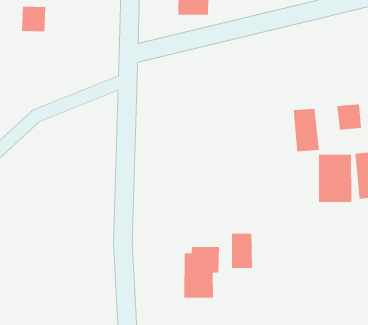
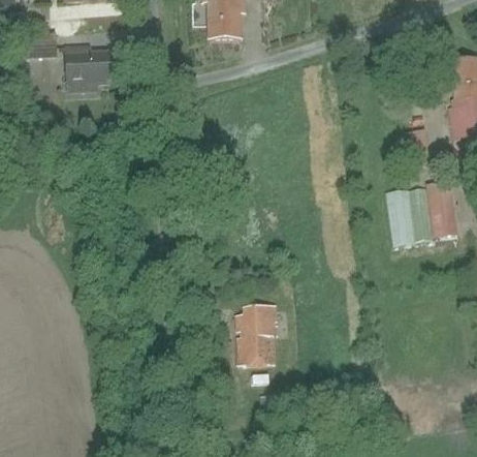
building: none -> [63,51,119,87]
building: [293,108,319,152] -> none
building: [231,233,252,269] -> none

